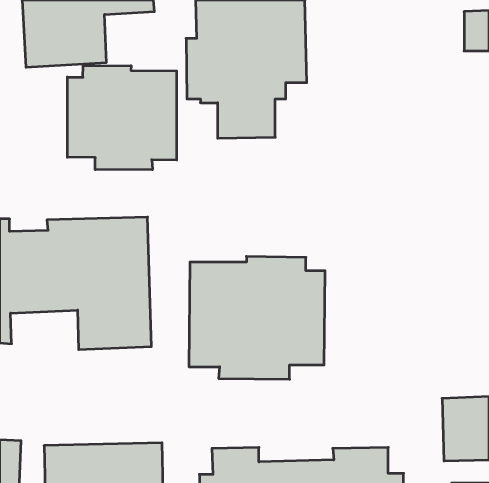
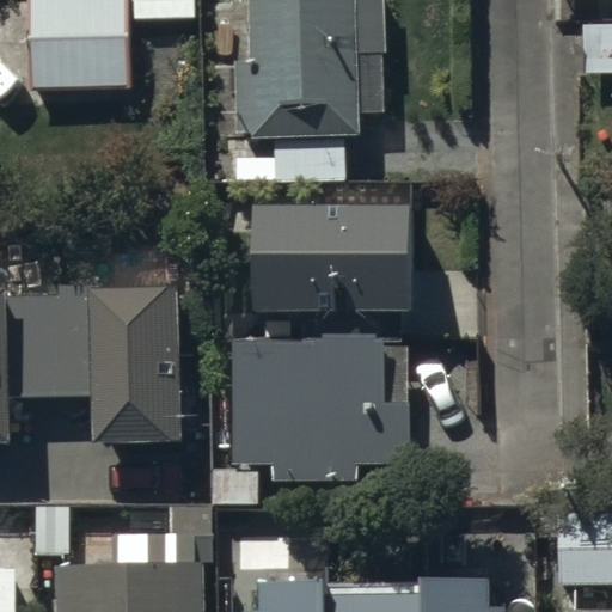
building: [67,66,177,170] -> none
building: none -> [247,195,475,341]

